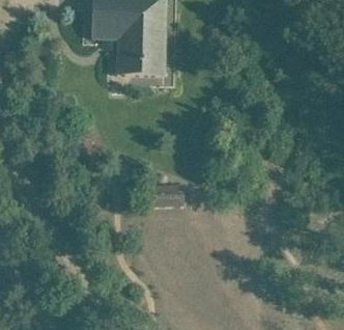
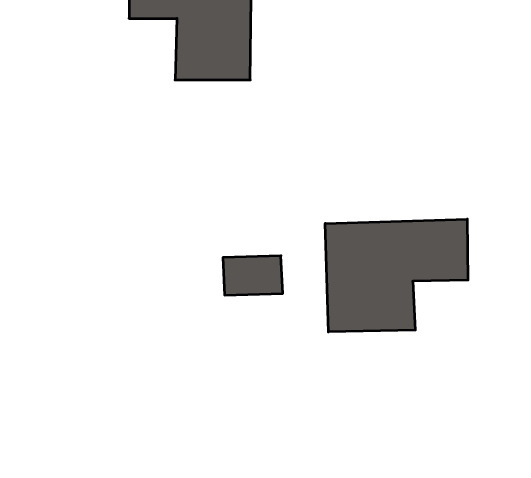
building: none -> [325,219,468,332]

